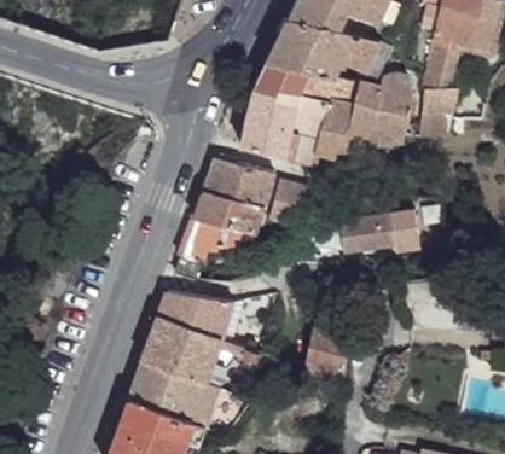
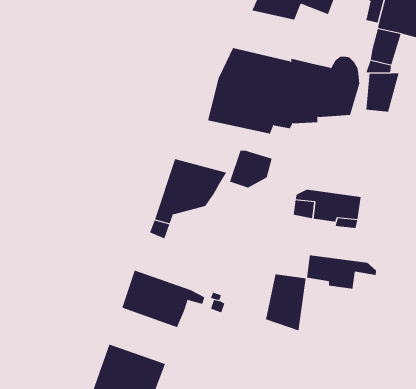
building: [268,18,381,76] -> none
building: [202,153,277,203] -> none
building: [156,291,234,337] -> none
building: none -> [306,254,377,290]
building: [127,357,220,429] -> none

